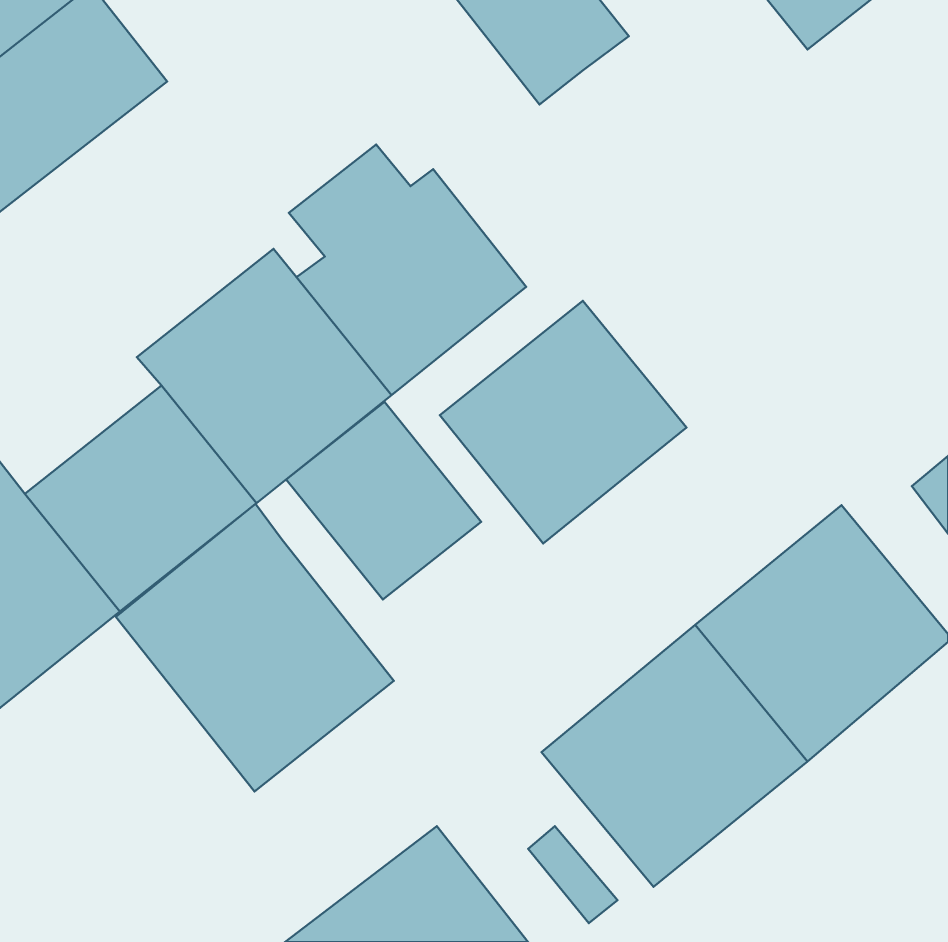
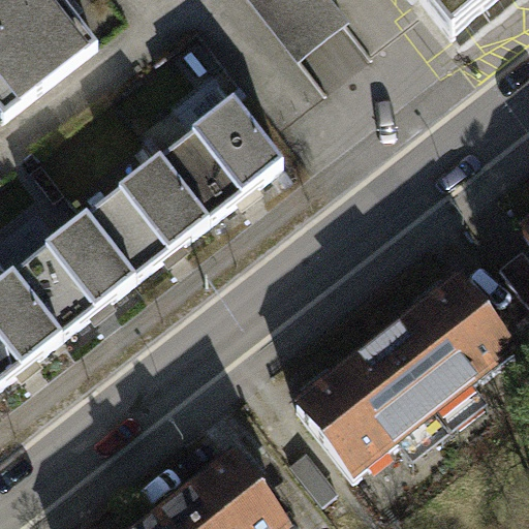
building: [440,301,687,544] -> none
building: [286,402,481,599] -> none
building: [116,504,394,792] -> none

